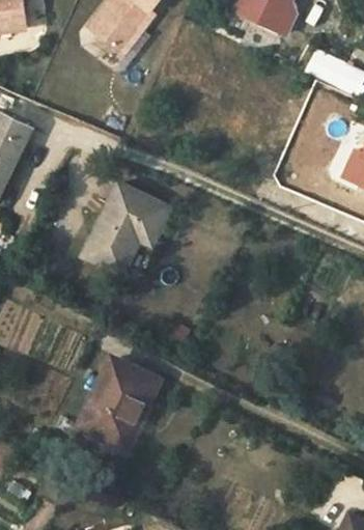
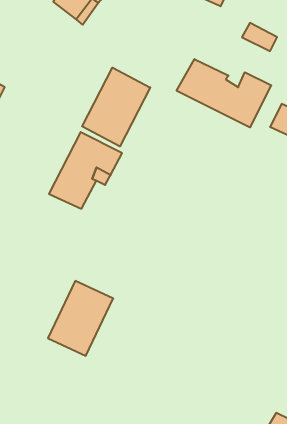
building: none -> [177,59,271,127]
building: none -> [82,68,150,146]

